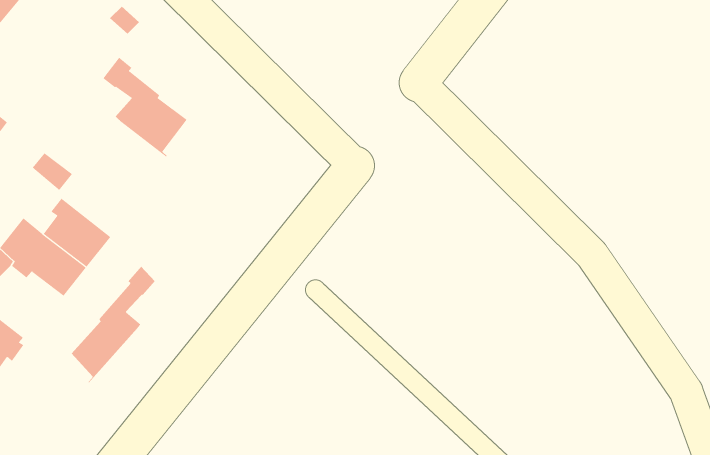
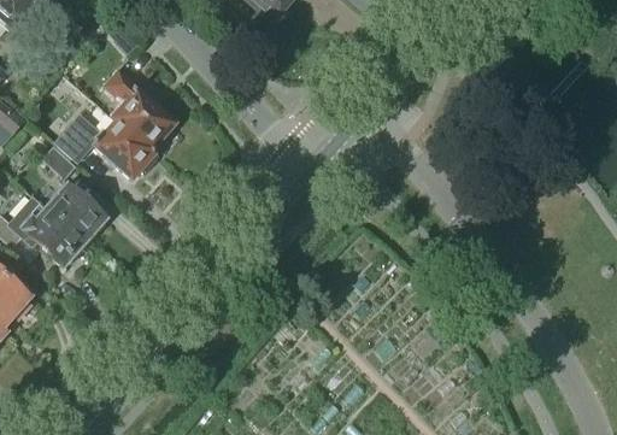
building: none -> [55,119,158,177]
building: [71,266,156,384] -> none

